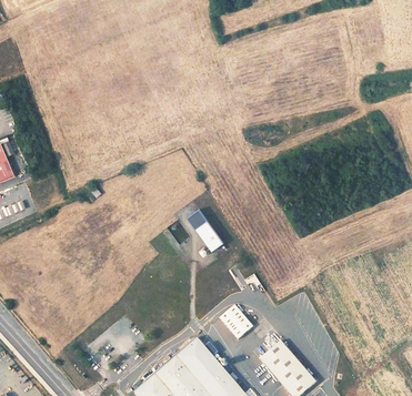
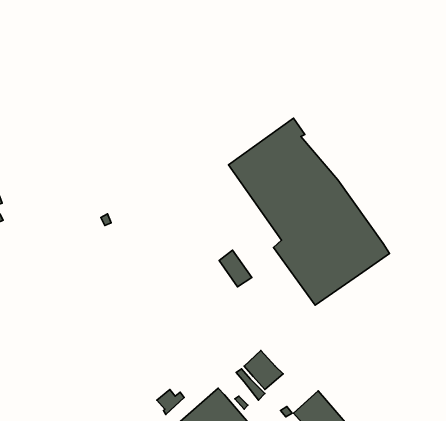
building: none -> [228,118,389,305]

